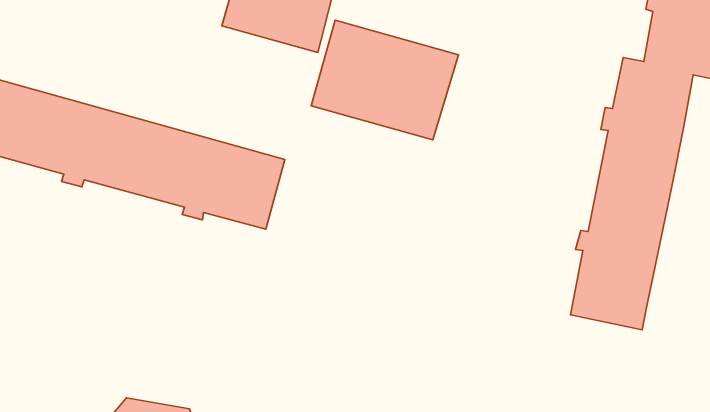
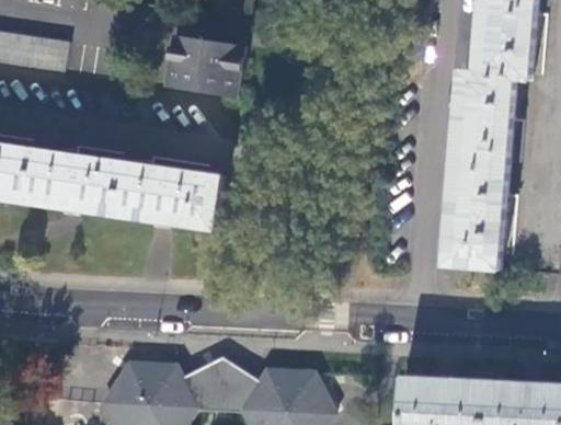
building: [311,20,459,140] -> none

